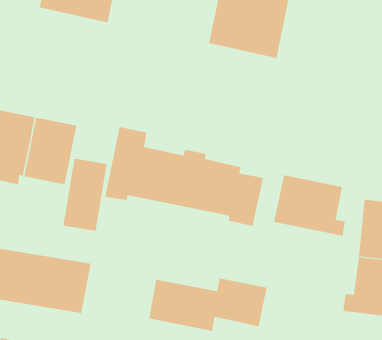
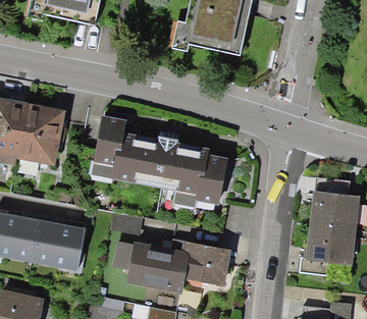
building: [63,158,107,232] -> none
building: [274,175,345,236] -> none

